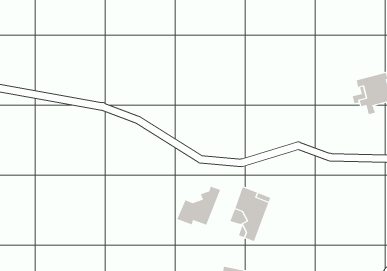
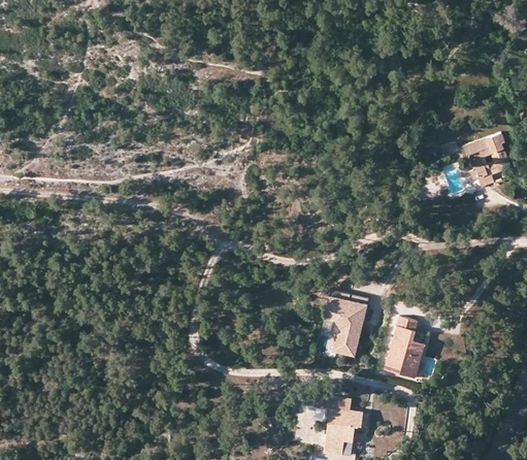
building: [177,186,221,226] -> none
building: none -> [385,315,425,376]

